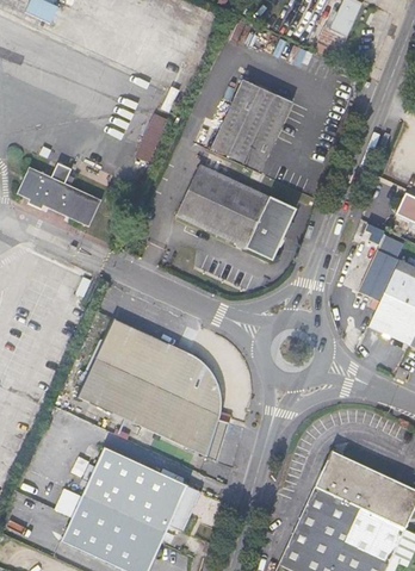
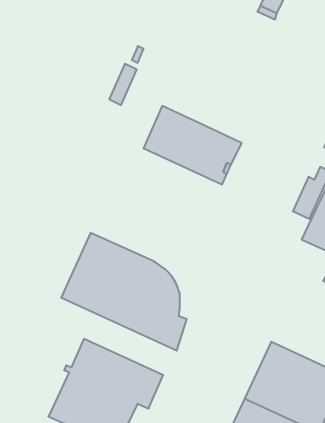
building: [211,80,292,170] -> none
building: [17,163,101,226] -> none

